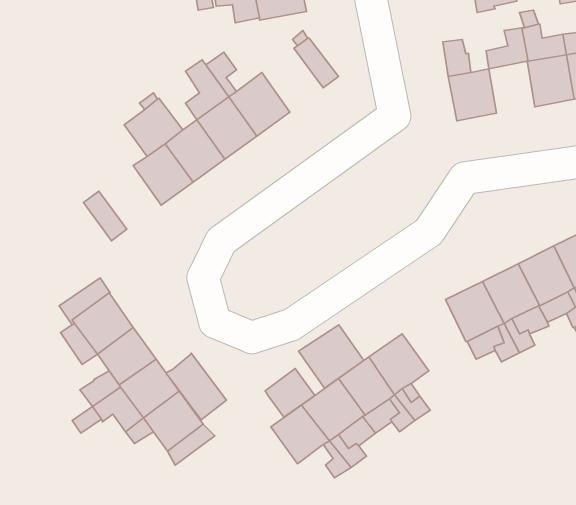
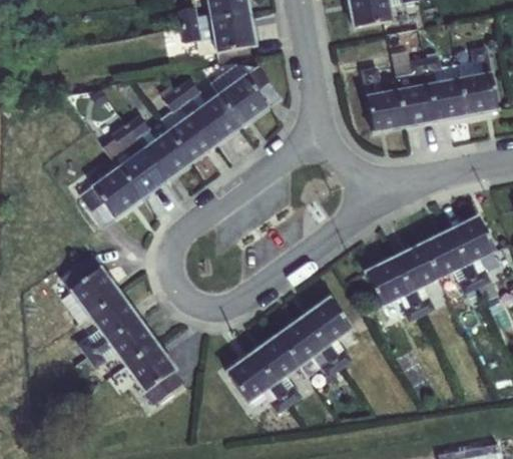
building: none -> [220,73,269,123]
building: none -> [399,83,435,124]
building: none -> [92,165,141,216]
building: [298,325,364,388] -> none
building: [166,353,227,420] -> none
building: [265,368,315,417] -> none

